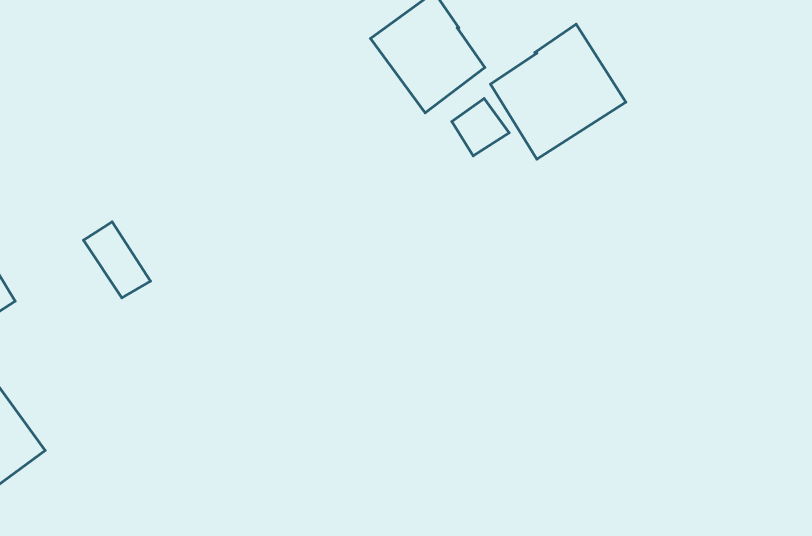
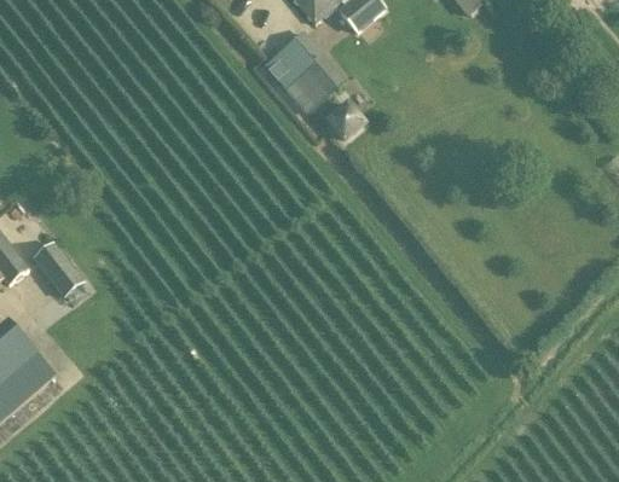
building: [490,24,626,159] -> none
building: [83,222,151,298] -> [34,243,83,296]

